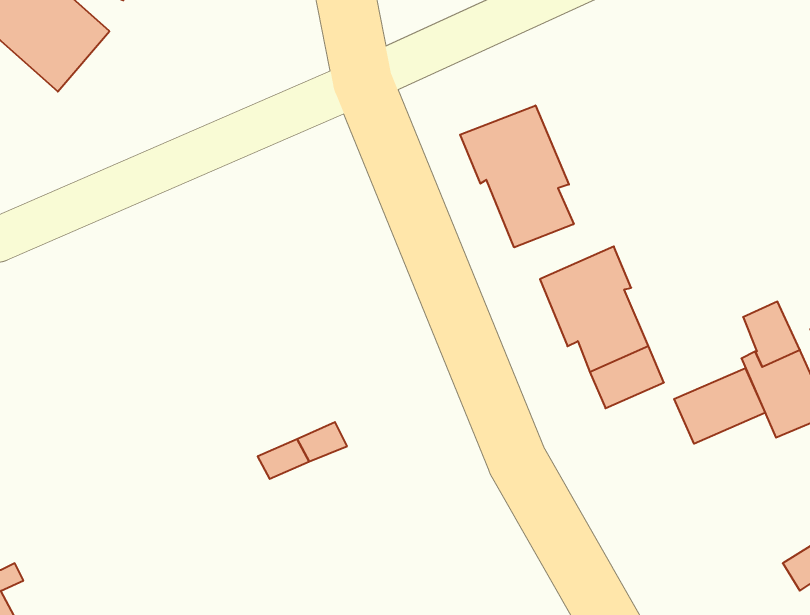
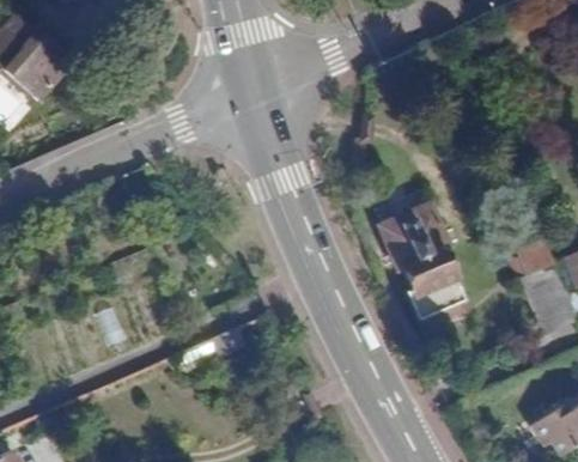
building: [460,105,574,247] -> none
building: [674,368,765,444] -> none

